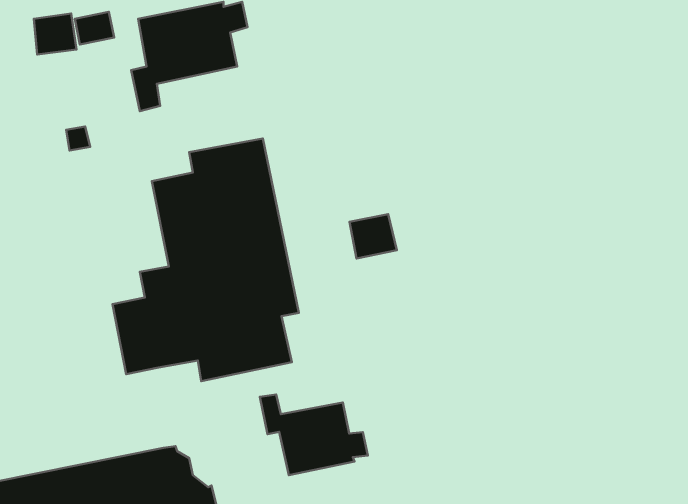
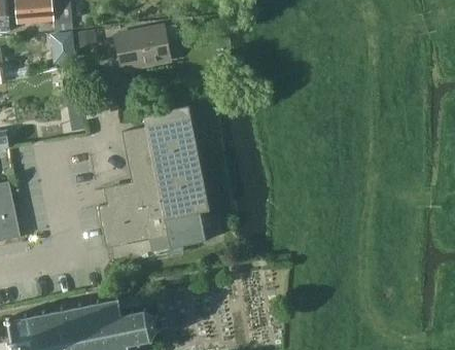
building: [350,214,397,259] -> none
building: [260,394,368,475] -> none

